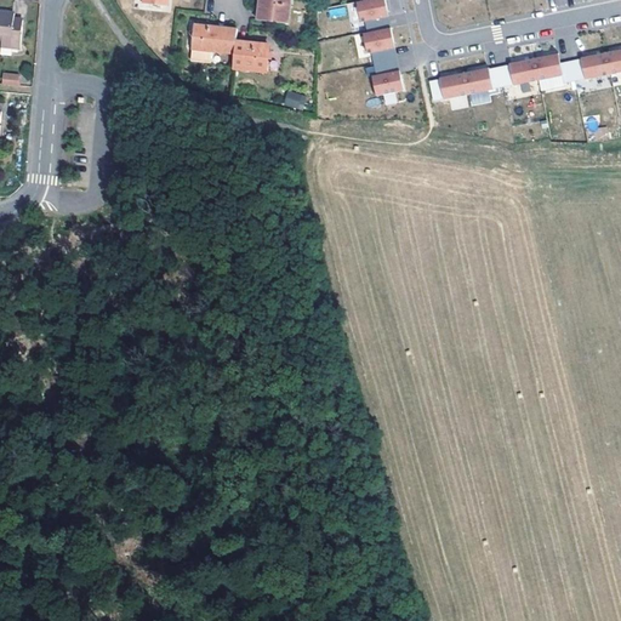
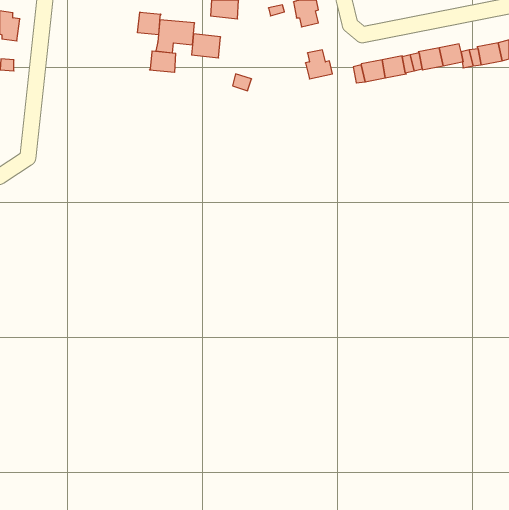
building: none -> [138,12,161,35]
building: [363,28,394,64] -> none
building: none -> [150,51,176,72]

